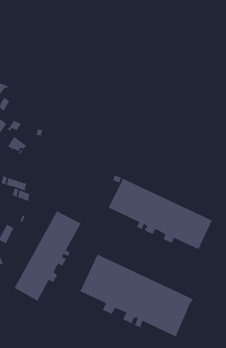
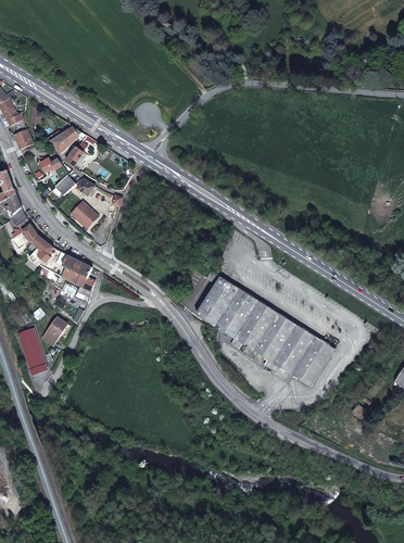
building: [13,210,82,302] -> none
building: [79,253,194,337] -> none

